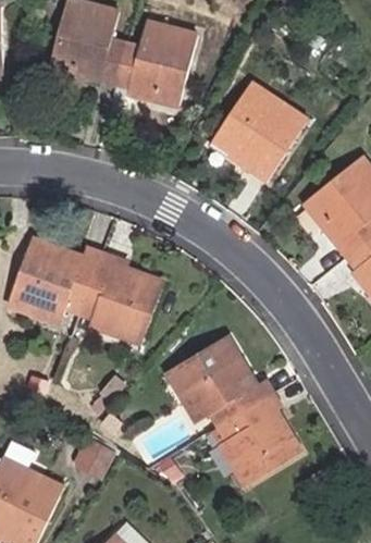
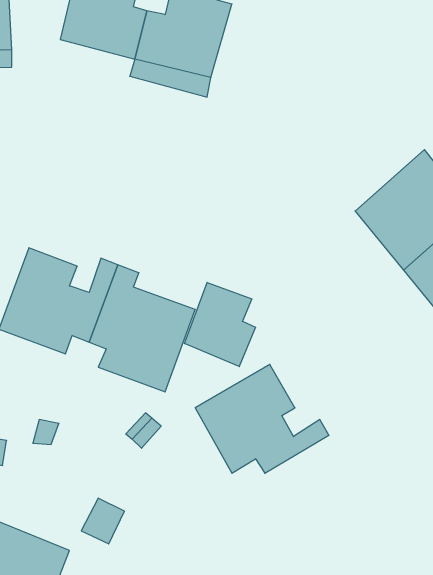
building: [210,78,305,186] -> none
building: none -> [185,282,255,367]
building: [217,390,304,494] -> none

